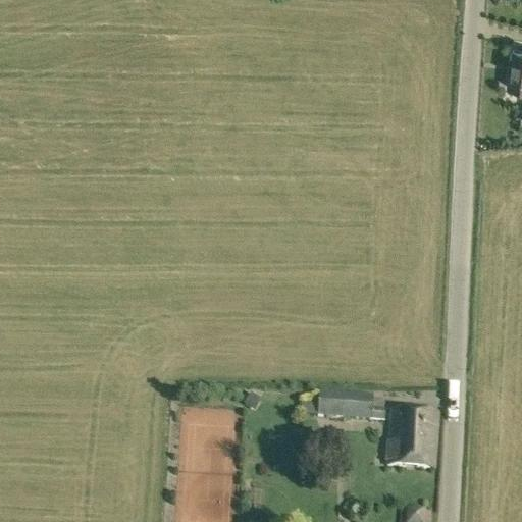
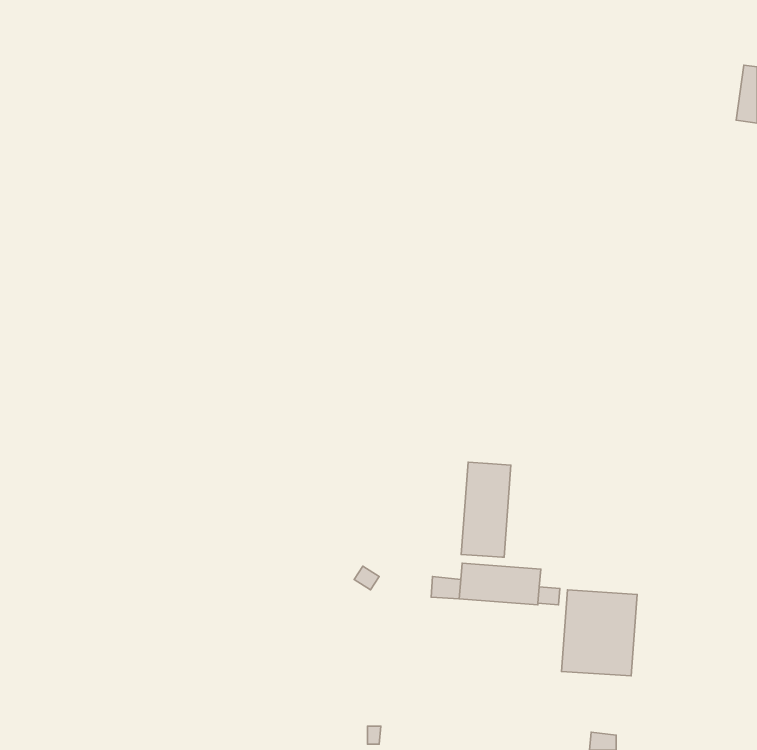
building: none -> [461,462,511,557]

